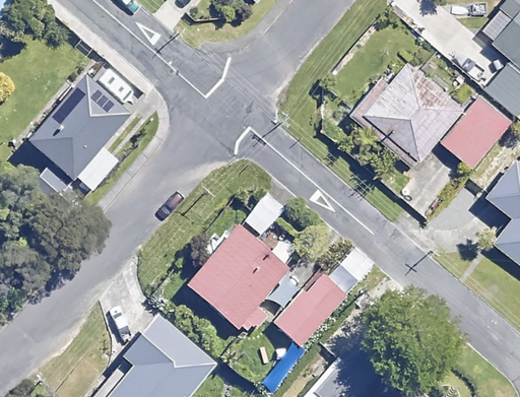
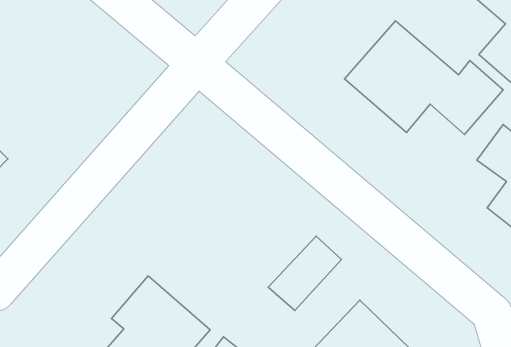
building: [26,74,129,194] -> none
building: [187,222,312,338] -> none

